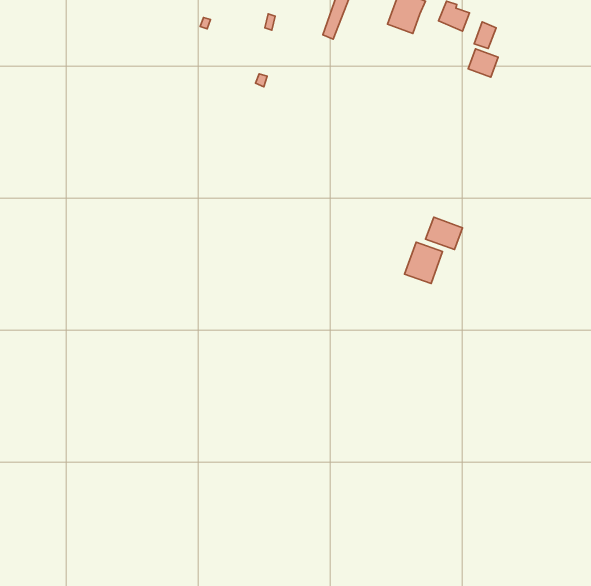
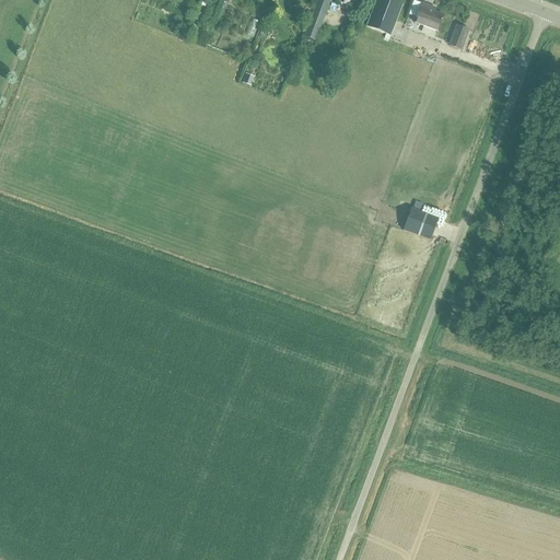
building: [468,49,498,77] -> none
building: [405,242,443,283] -> none

